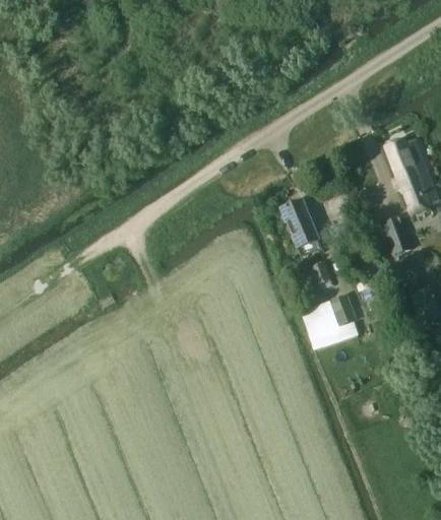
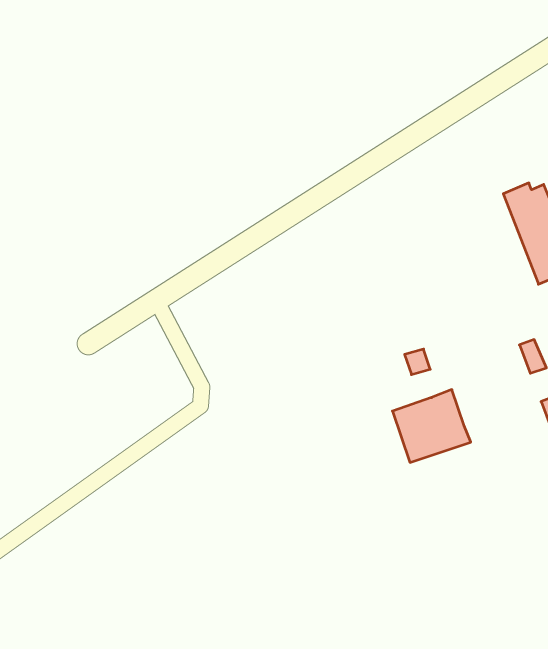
building: [282,200,321,256] -> none
building: [382,216,413,255] -> none

